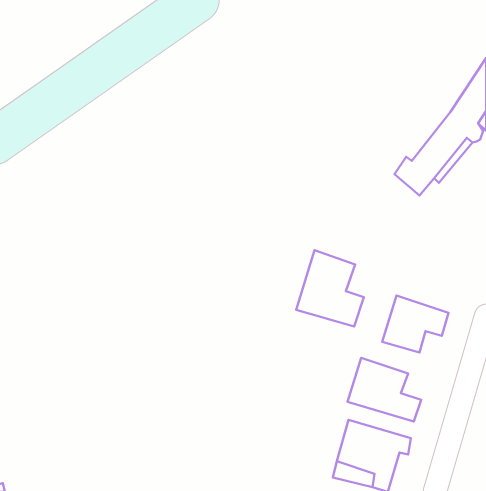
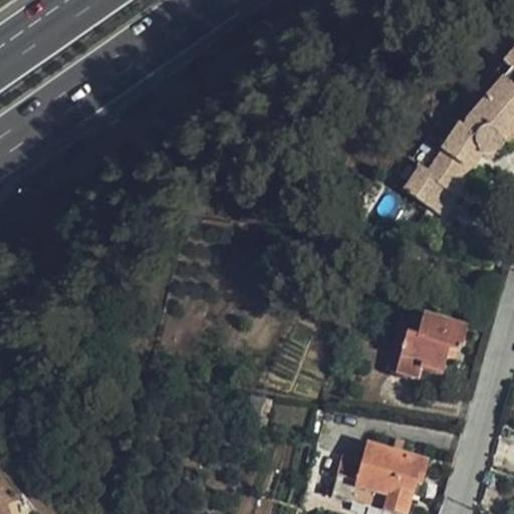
building: [296,250,364,327] -> none
building: [348,358,421,422] -> none

